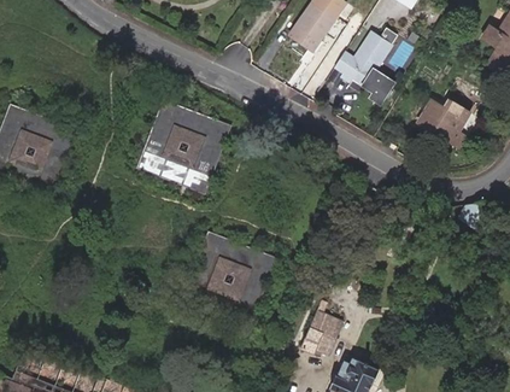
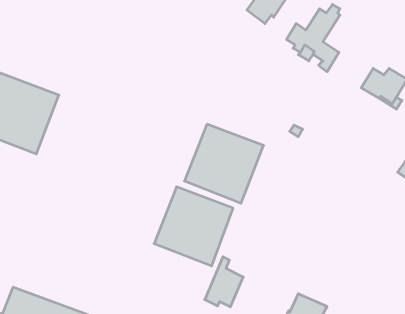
building: [140,103,229,192] -> [184,124,264,203]
building: [300,299,344,356] -> [205,257,243,307]

